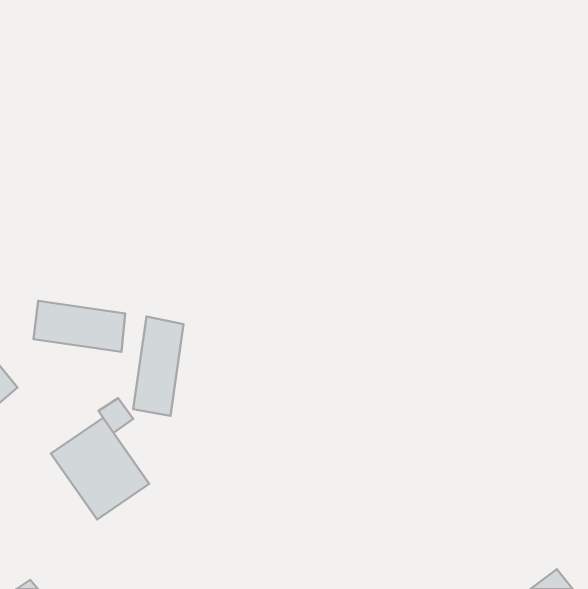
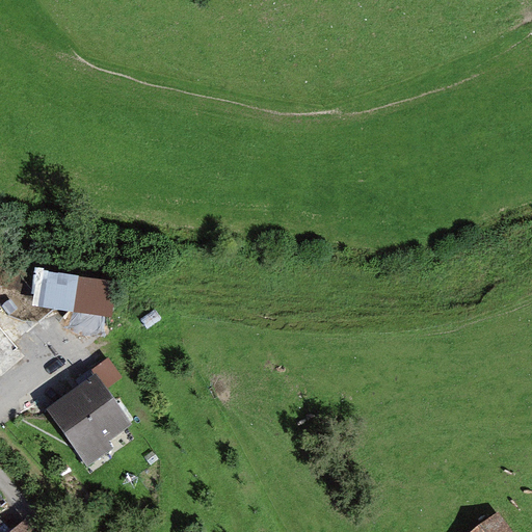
building: [133,317,183,416] -> none

